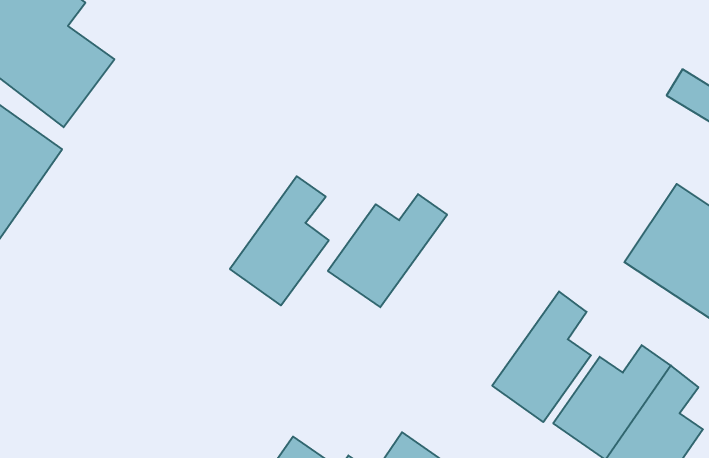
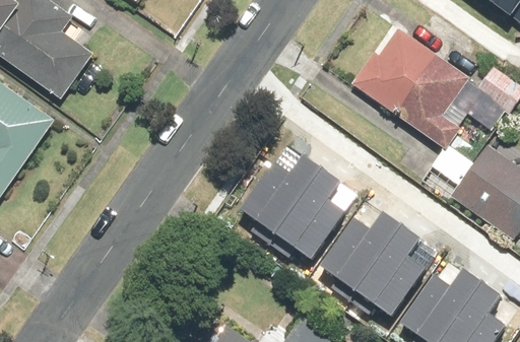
building: none -> [353,28,468,152]
building: [230,176,329,305] -> [279,165,348,256]
building: none -> [321,205,404,285]

